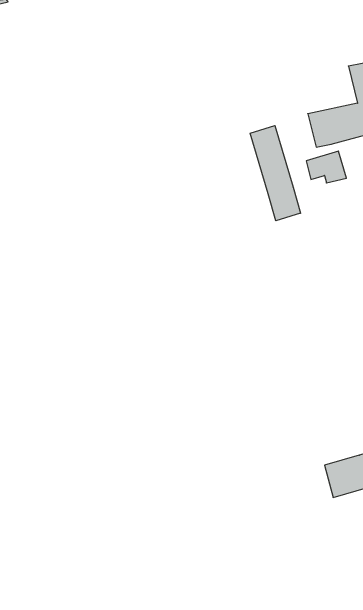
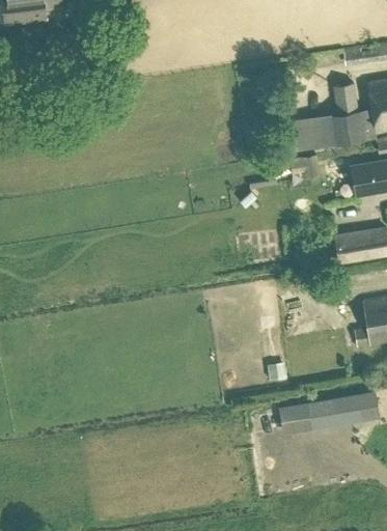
building: [250,126,301,221] -> none

